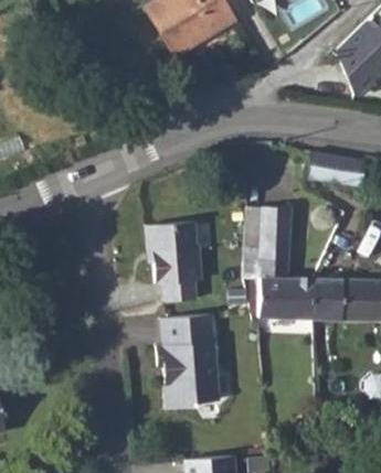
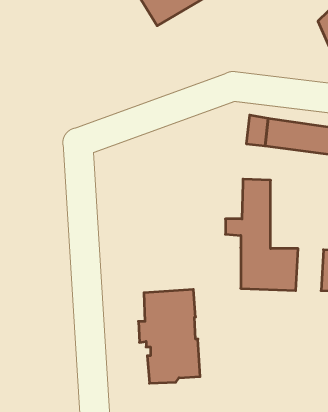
building: [148,226,202,305] -> none
building: [315,278,342,320] -> none

